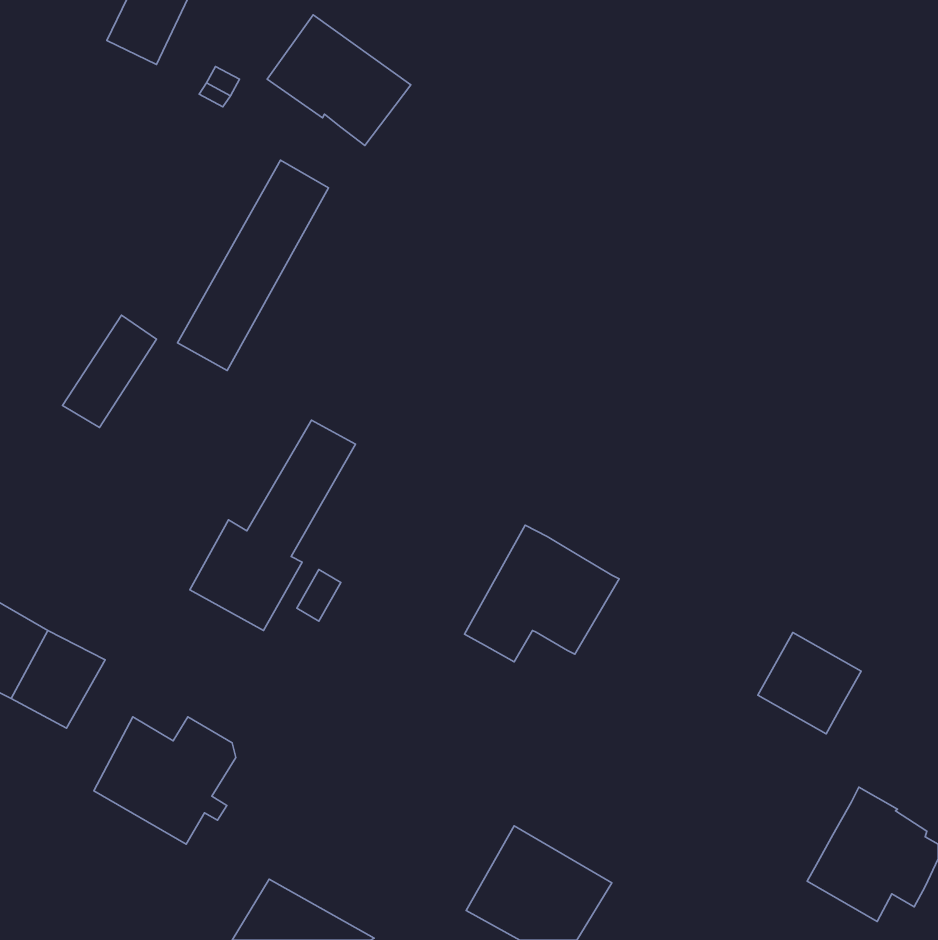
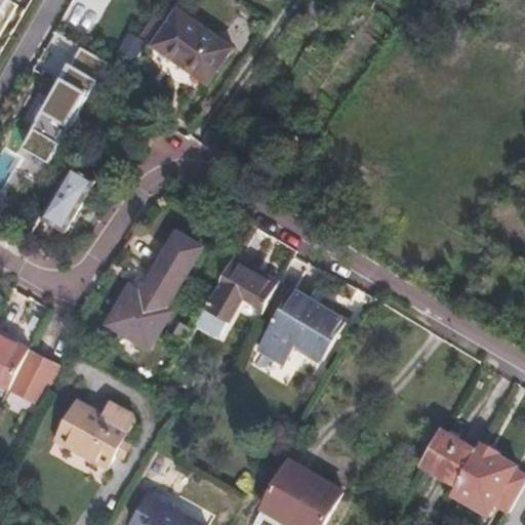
building: [177,160,329,370] -> [25,46,109,163]
building: none -> [194,258,277,334]
building: [758,632,861,734] -> [416,425,474,481]

